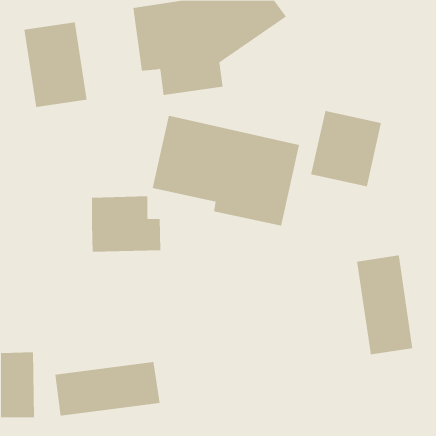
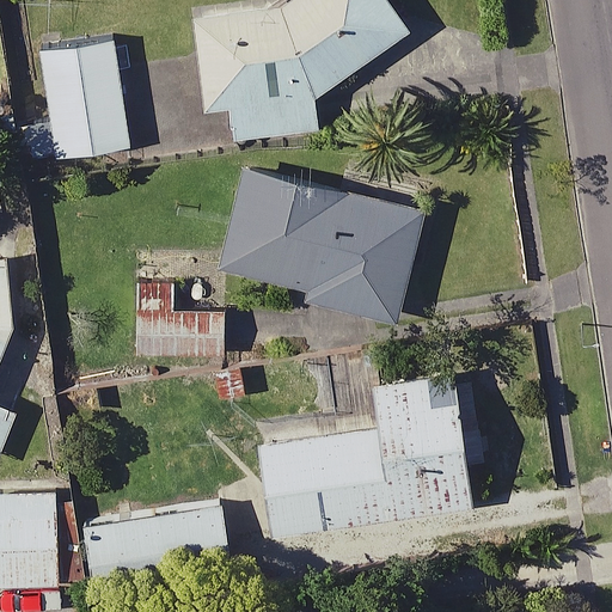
building: [311,110,382,187] -> none
building: [357,255,413,355] -> none
building: none -> [258,374,470,534]

